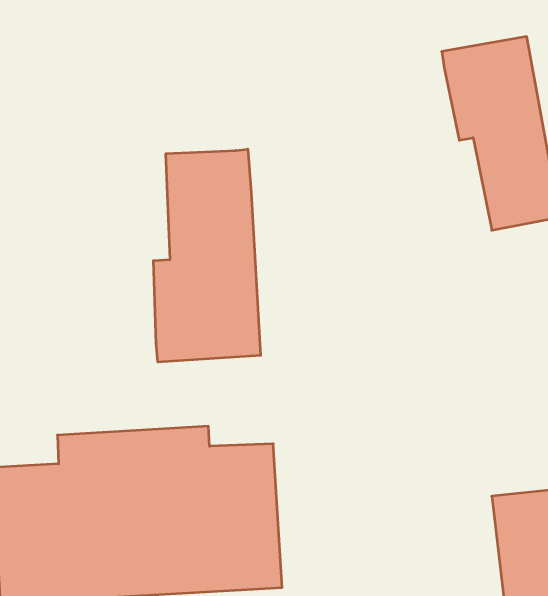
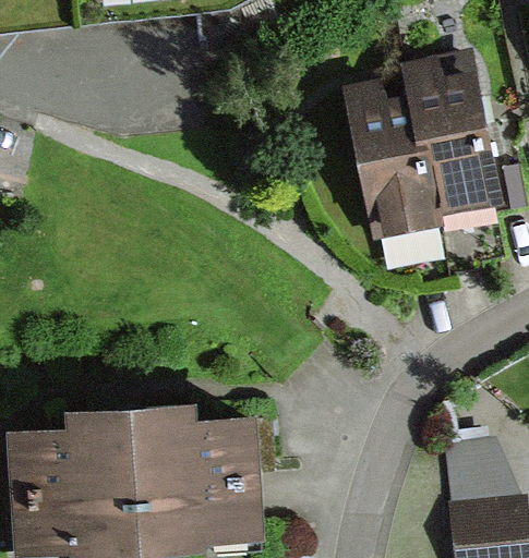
building: none -> [342,82,447,253]
building: [153,149,261,362] -> none

